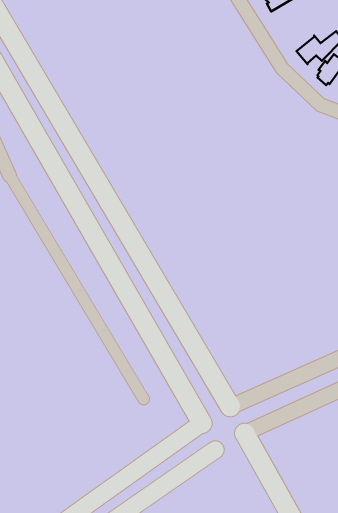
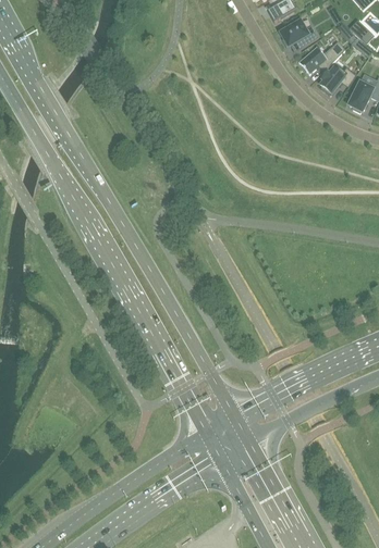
building: none -> [281,17,318,46]

